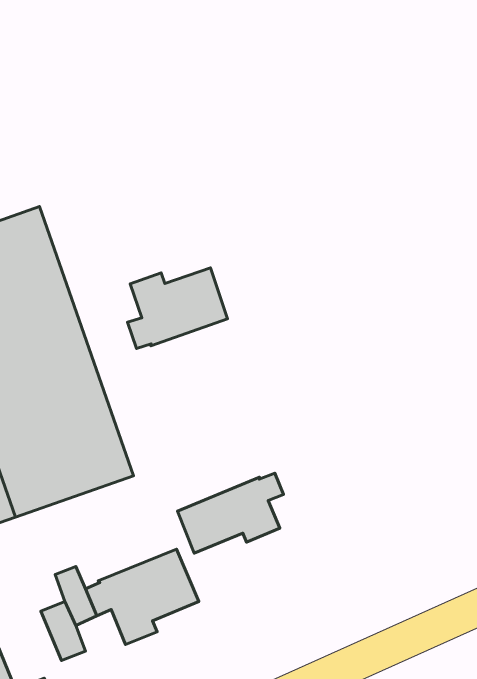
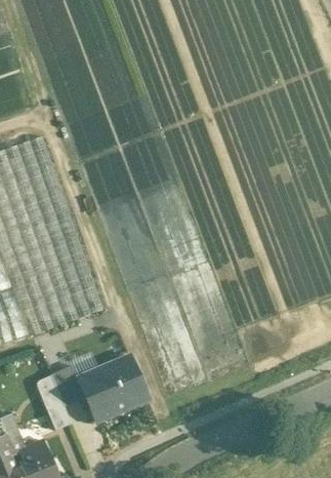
building: [127,268,228,348] -> none
building: [178,473,284,553] -> none

